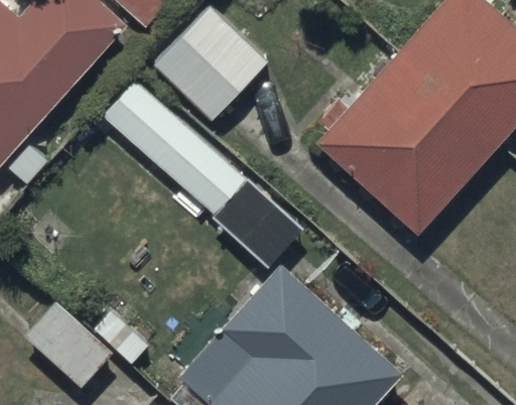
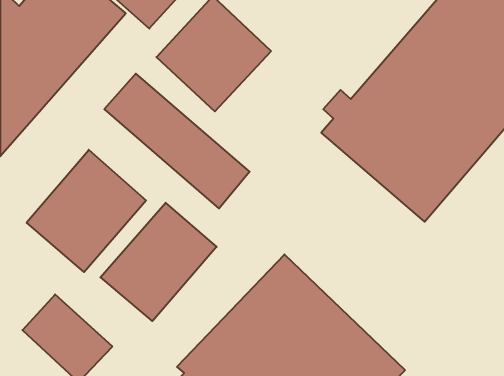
building: none -> [27,150,146,272]
building: none -> [100,203,217,321]

